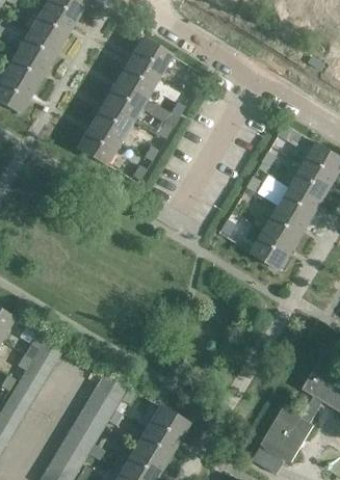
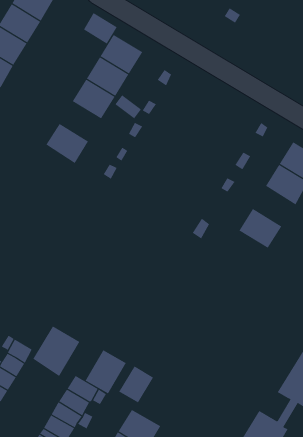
building: none -> [83,12,117,44]
building: [88,105,130,144] -> none
building: [278,188,320,228] -> none
building: [251,232,293,272] -> none
building: none -> [33,325,80,377]
building: none -> [85,350,127,394]
building: none -> [119,366,154,403]

